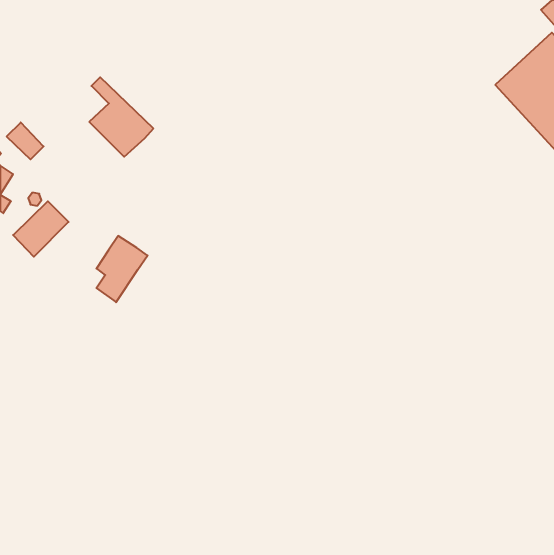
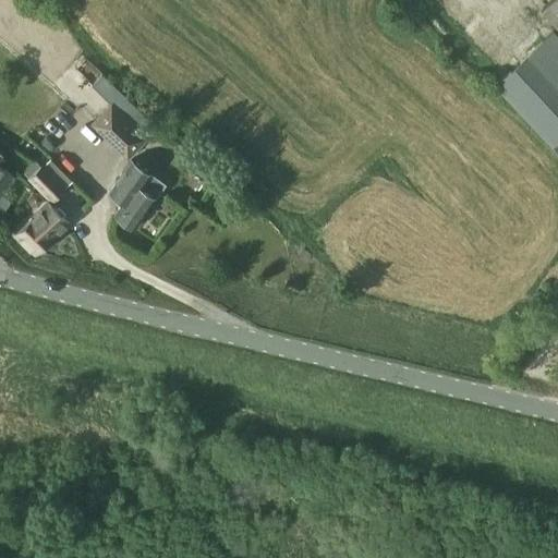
building: [7,122,44,159] -> [29,165,66,202]
building: [96,236,148,302] -> [114,162,166,229]

